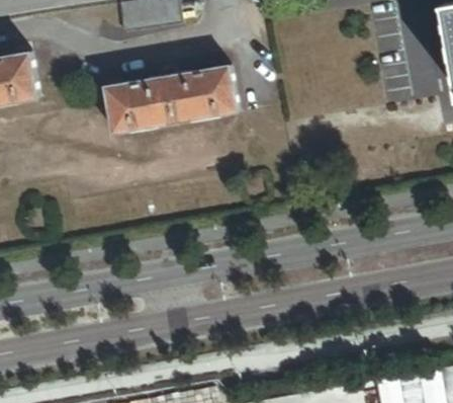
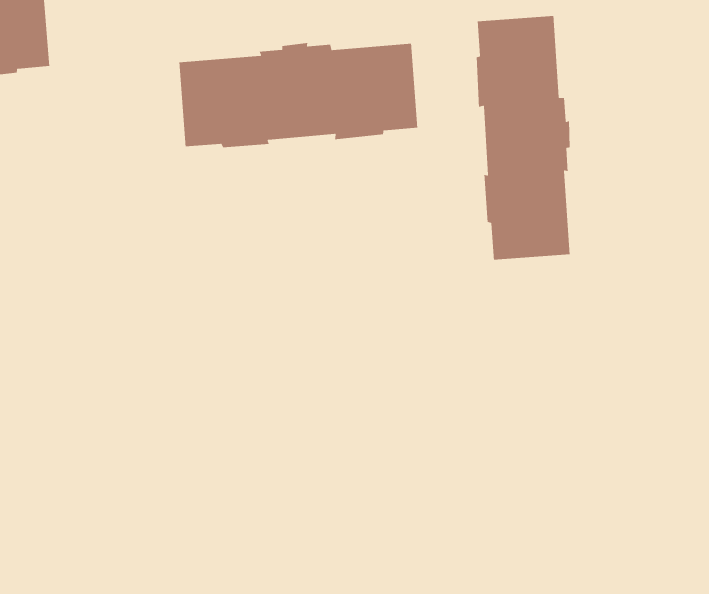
building: none -> [476,15,571,261]

